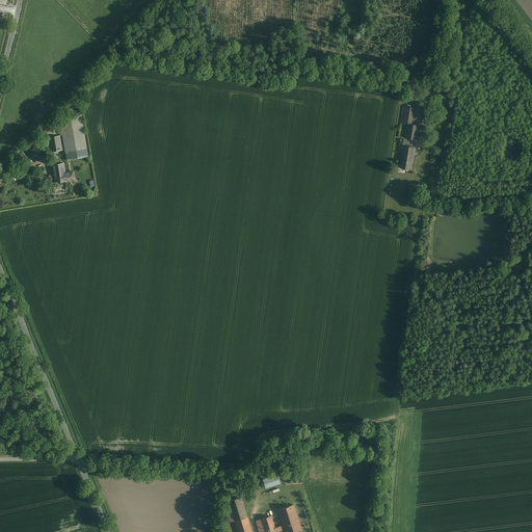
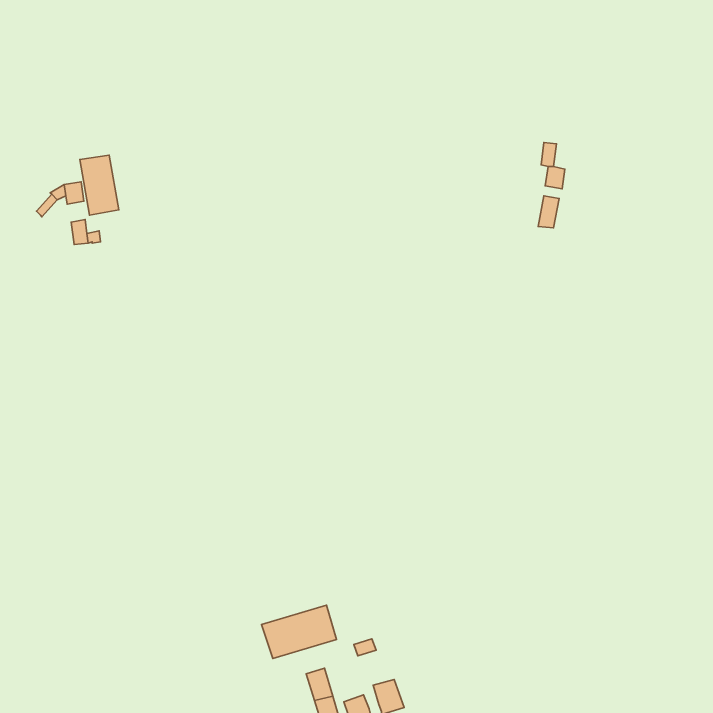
building: none -> [261,605,336,658]

